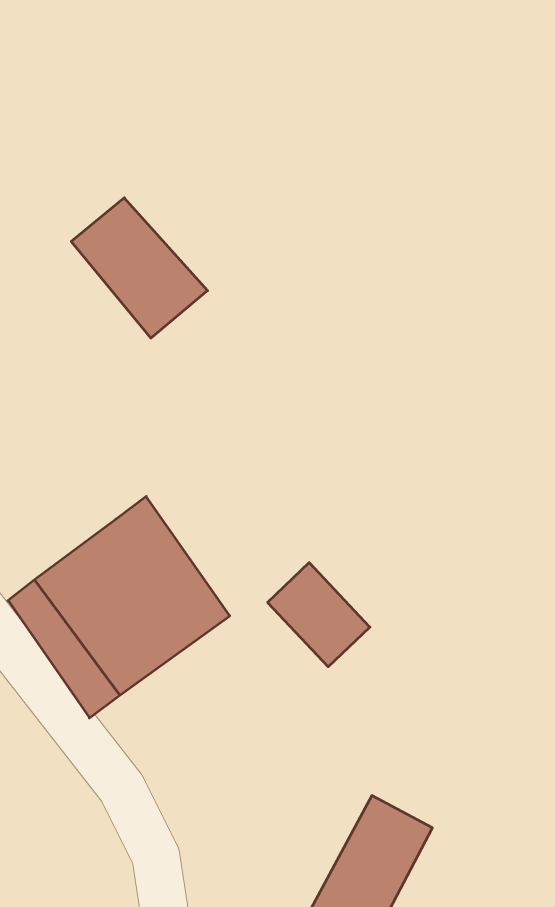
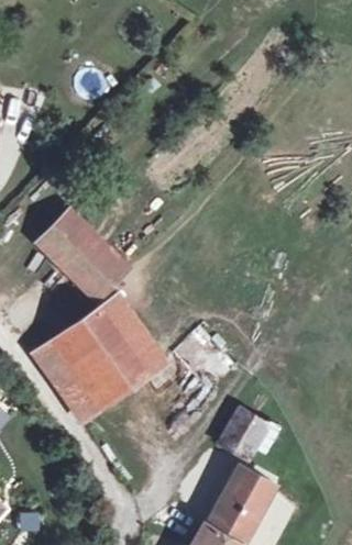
building: [71,198,208,338] -> [34,207,113,288]
building: none -> [220,409,267,457]

